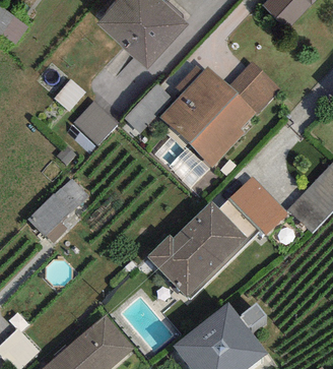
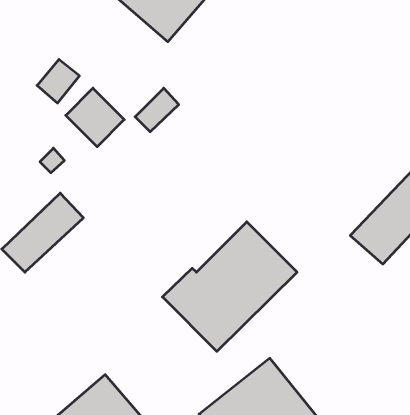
building: [159,63,277,166] -> none
building: [229,177,287,235] -> none

